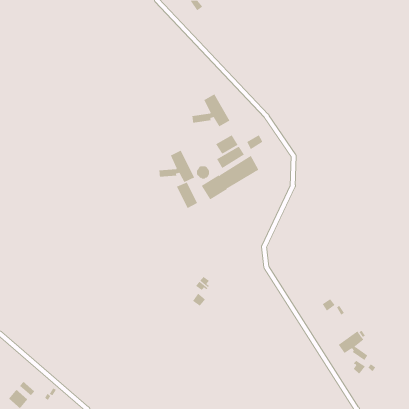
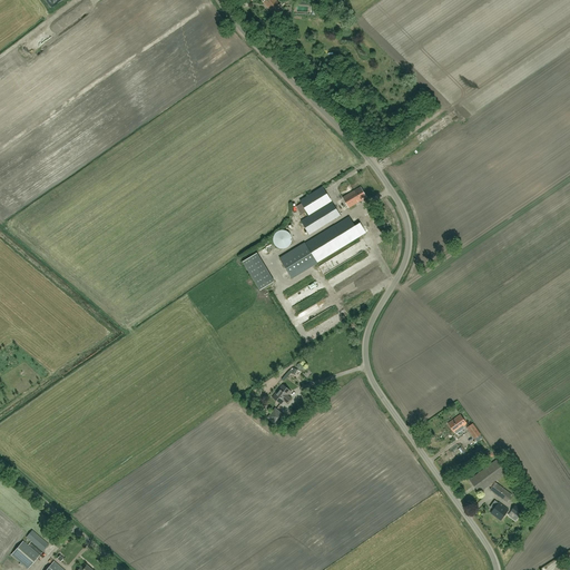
building: [192,94,230,127] -> none
building: [159,150,195,183] -> none

